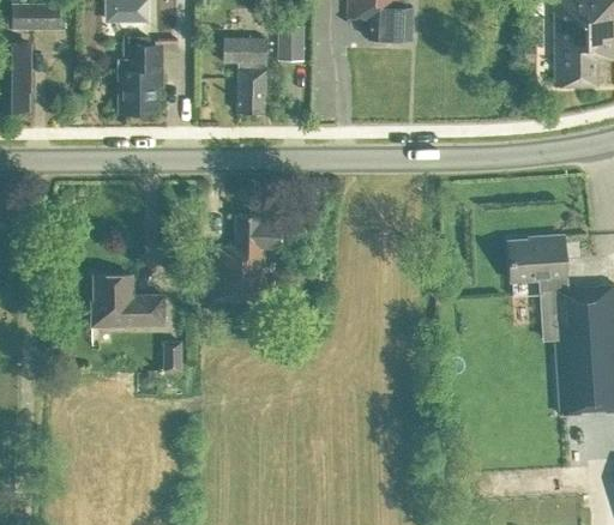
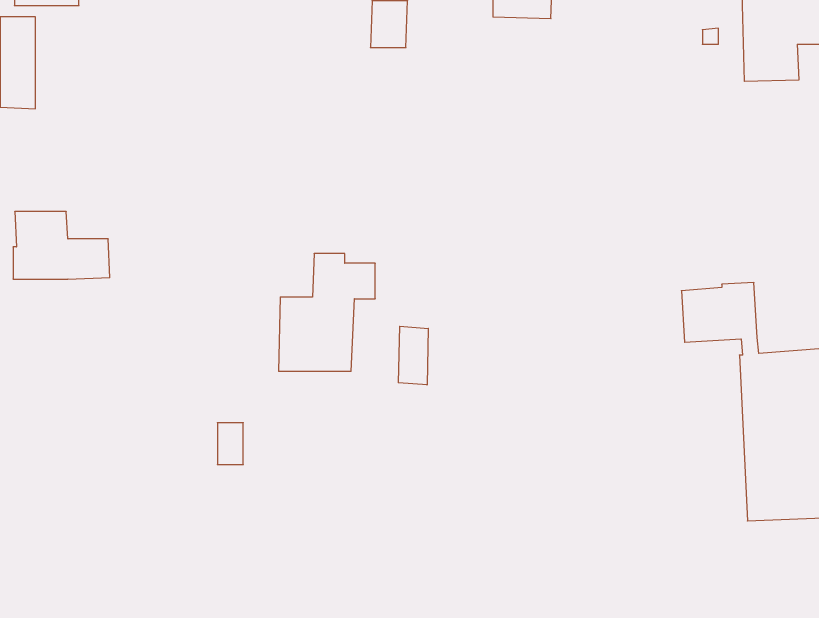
building: [120,37,179,114] -> none
building: [224,38,267,111] -> none
building: none -> [398,326,428,385]
building: [92,274,164,325] -> [13,212,110,279]

